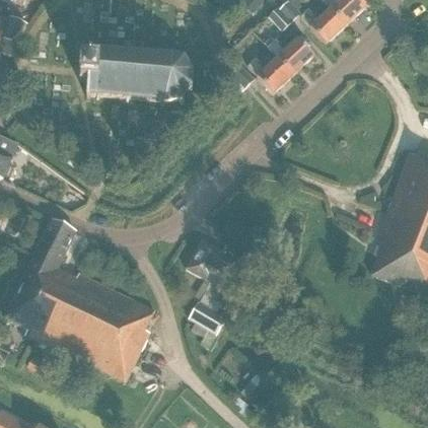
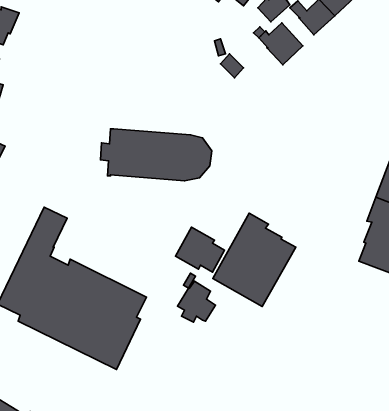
building: [80,46,193,98] -> [100,129,212,181]
building: [248,56,294,92] -> none
building: none -> [213,213,296,306]

